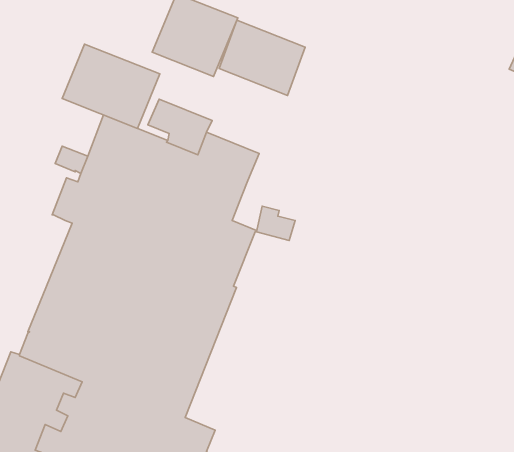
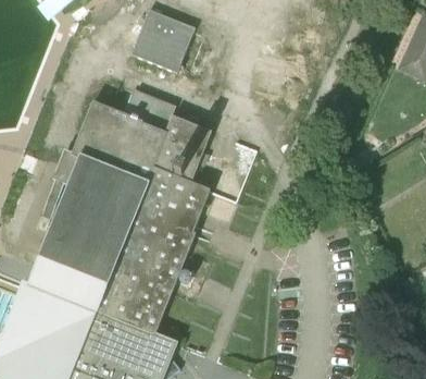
building: [219,20,305,95] -> none
building: [62,44,160,128] -> none

